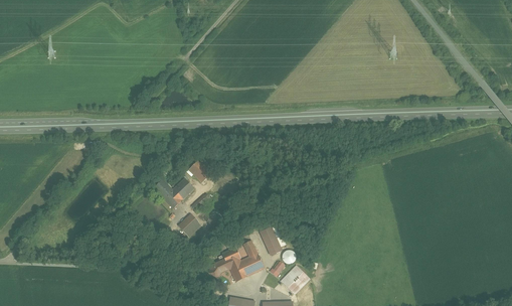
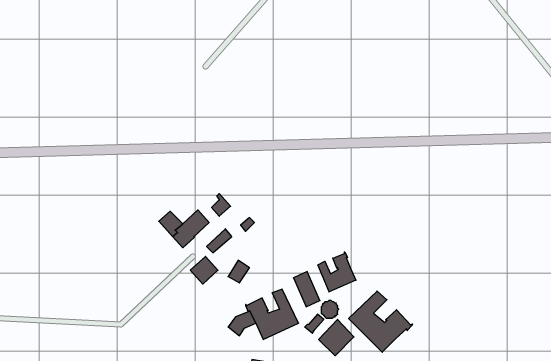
building: none -> [318,252,356,292]
building: none -> [349,291,412,352]

